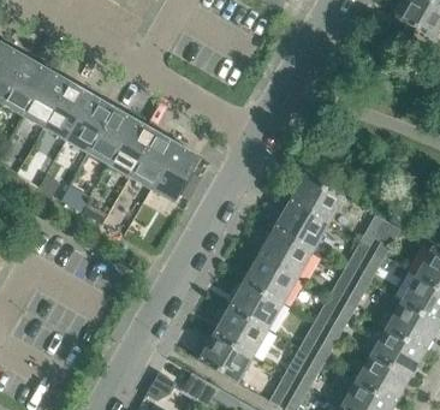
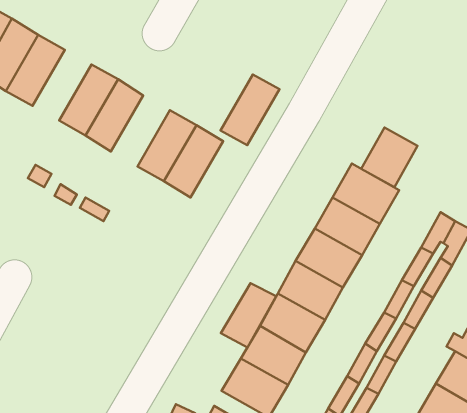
building: [44,81,93,138] -> none
building: [108,118,156,176] -> [220,74,280,145]
building: none -> [361,128,418,187]
building: none -> [221,283,276,347]

